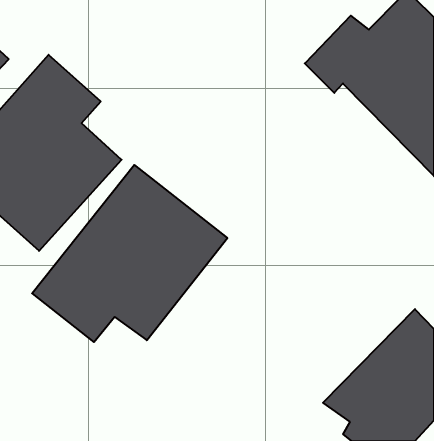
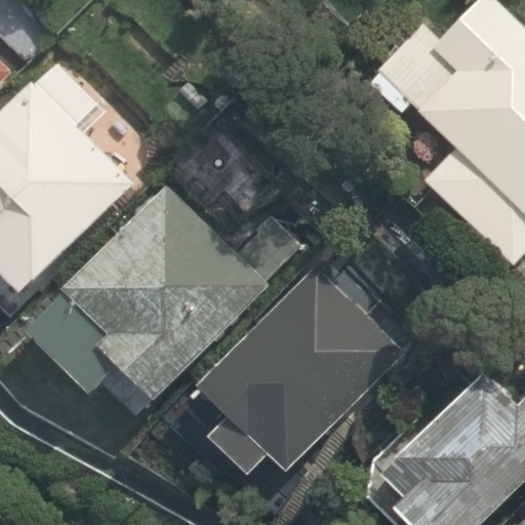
building: none -> [195,260,405,466]

